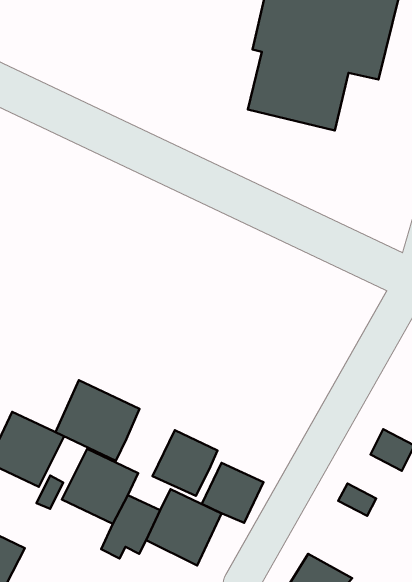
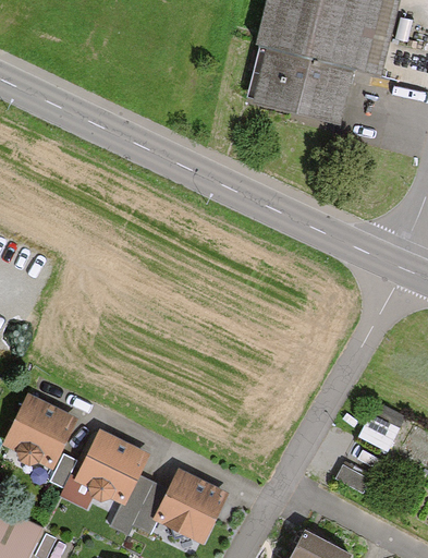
building: [55,380,139,461] -> none
building: [152,430,218,496] -> none
building: [202,463,264,523] -> none

